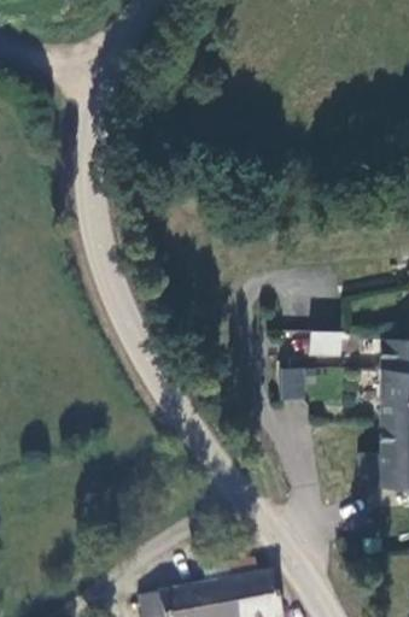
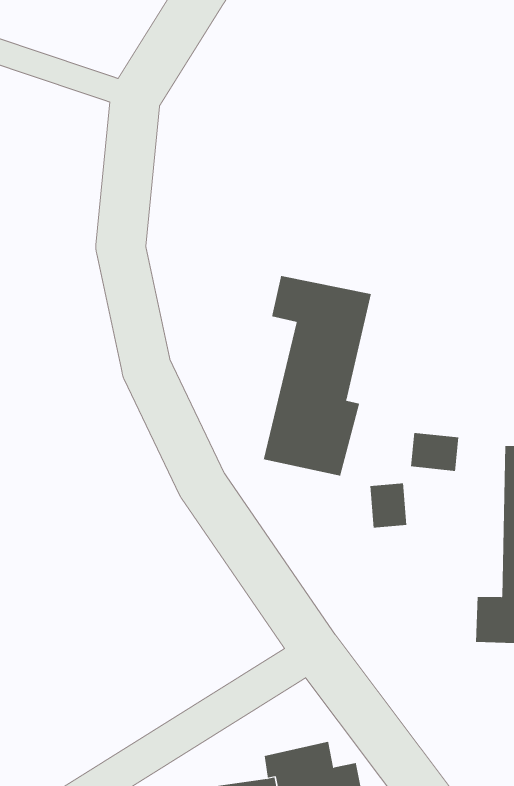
building: none -> [263,275,372,477]

